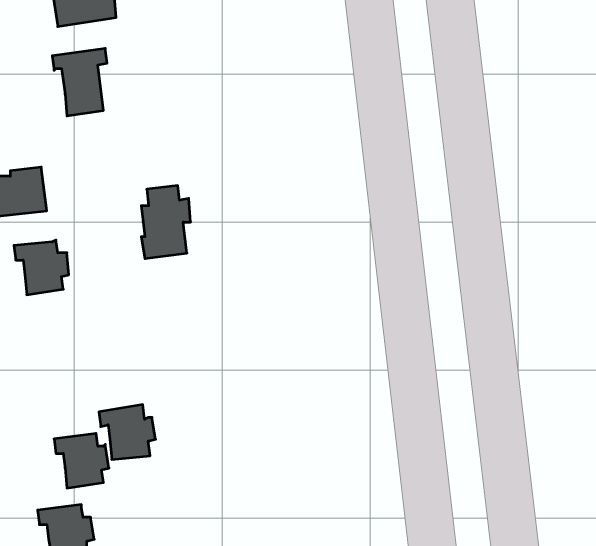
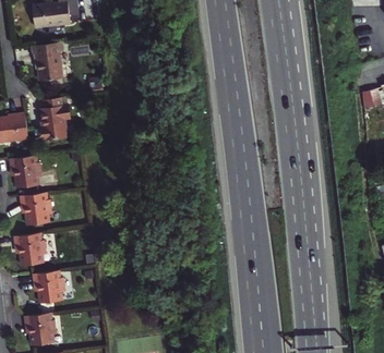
building: [141,186,191,259] -> [40,97,70,141]
building: none -> [20,193,52,226]
building: [99,405,156,459] -> [13,233,47,266]

